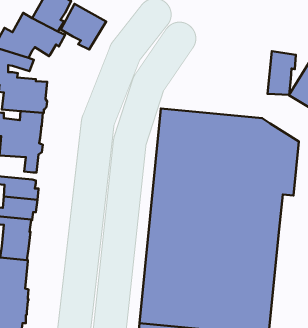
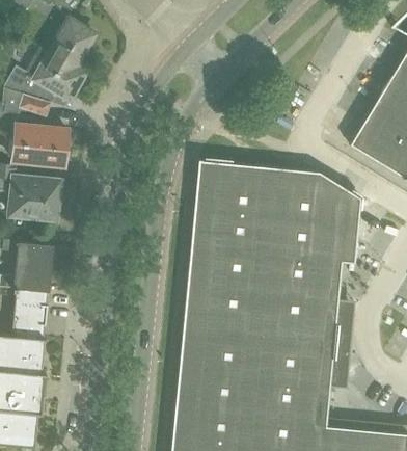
building: [61,4,106,49] -> none
building: [268,51,296,95] -> none

